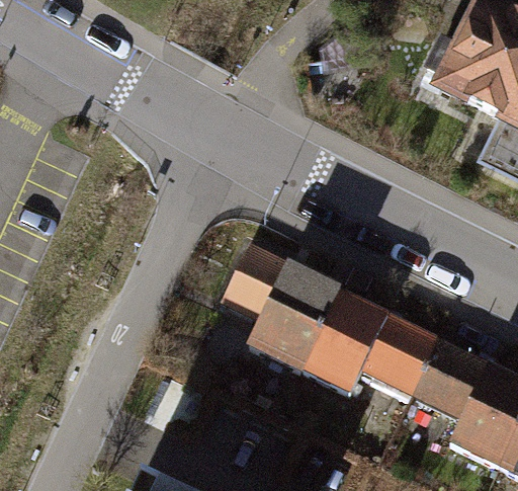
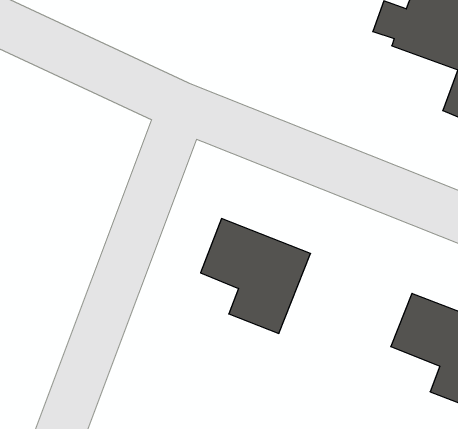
building: [303,291,442,396] -> none

